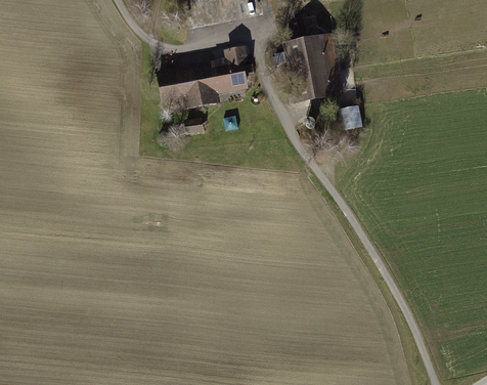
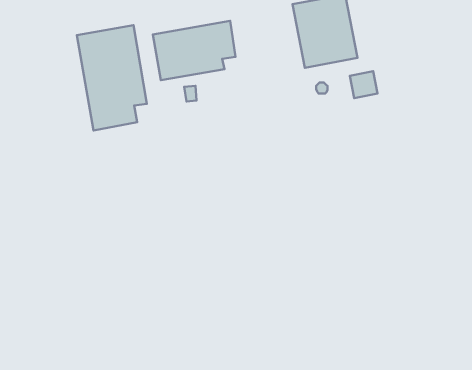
building: [224,44,250,90] -> none
building: none -> [77,25,147,130]

